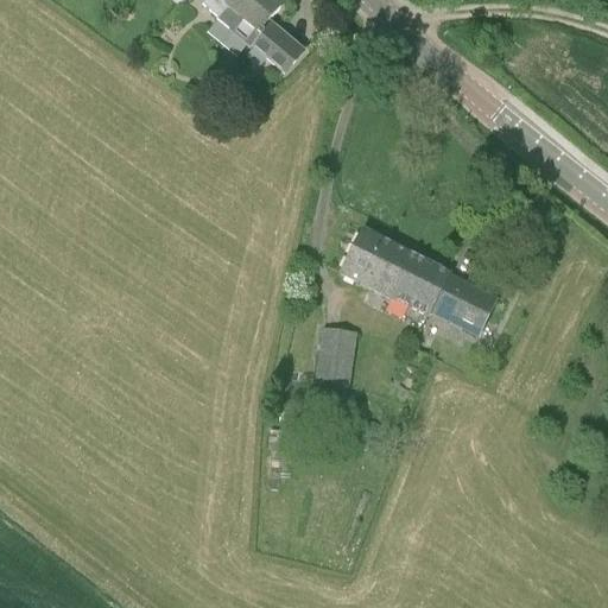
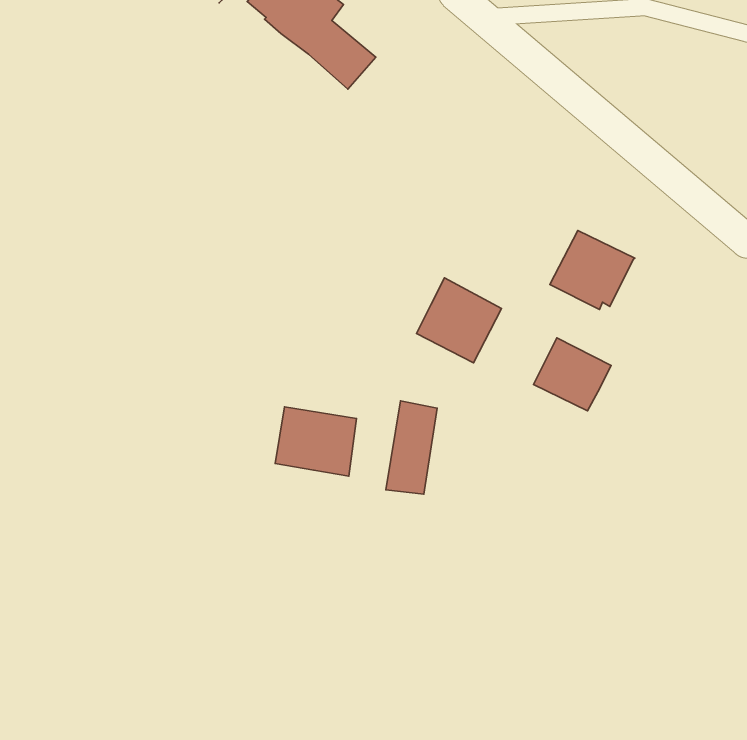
building: [385,251,454,315] -> [550,230,635,309]
building: none -> [275,407,357,476]

